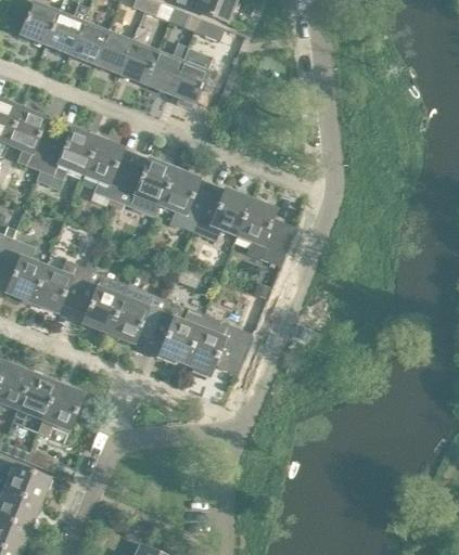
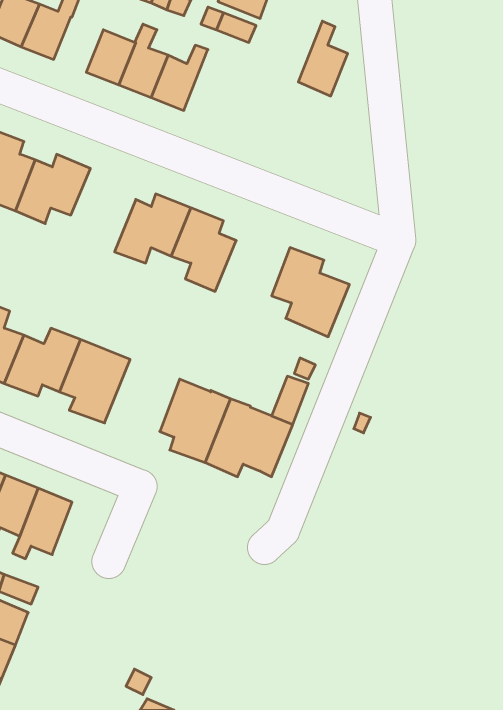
building: [68,22,106,64] -> none
building: [168,47,206,104] -> [298,21,348,96]
building: [81,138,131,202] -> none
building: [192,188,250,241] -> none
building: [107,284,165,344] -> none

